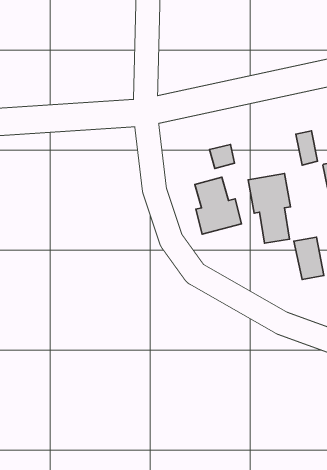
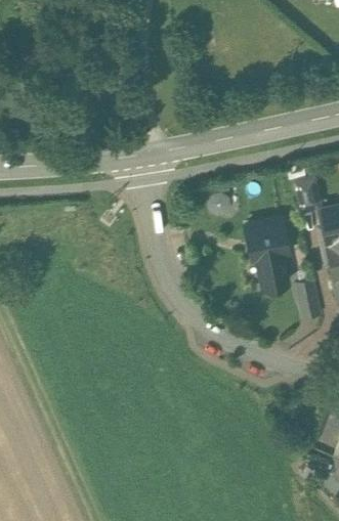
building: [195,177,241,234] -> none

